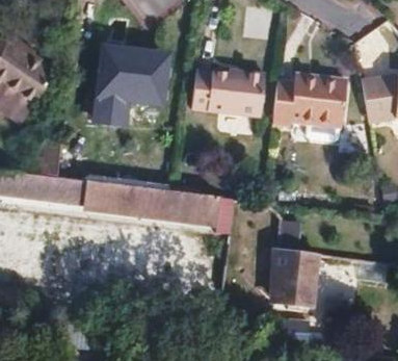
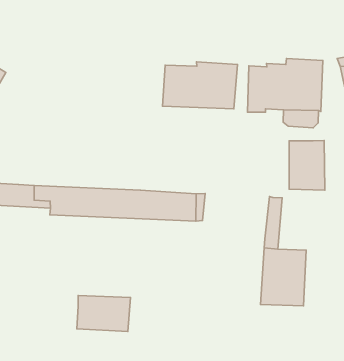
building: [89,50,167,133] -> none
building: none -> [289,140,325,190]
building: none -> [77,295,131,331]

